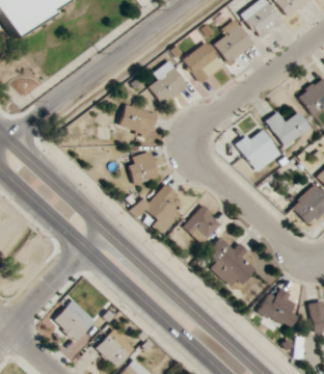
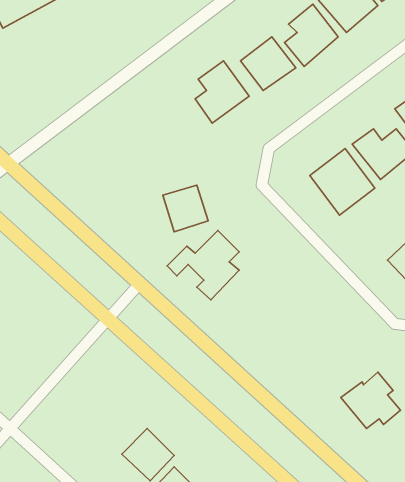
building: [117,103,157,137] -> none
building: [182,206,221,244] -> none
building: [206,237,255,286] -> none
building: [52,299,96,342] -> none

